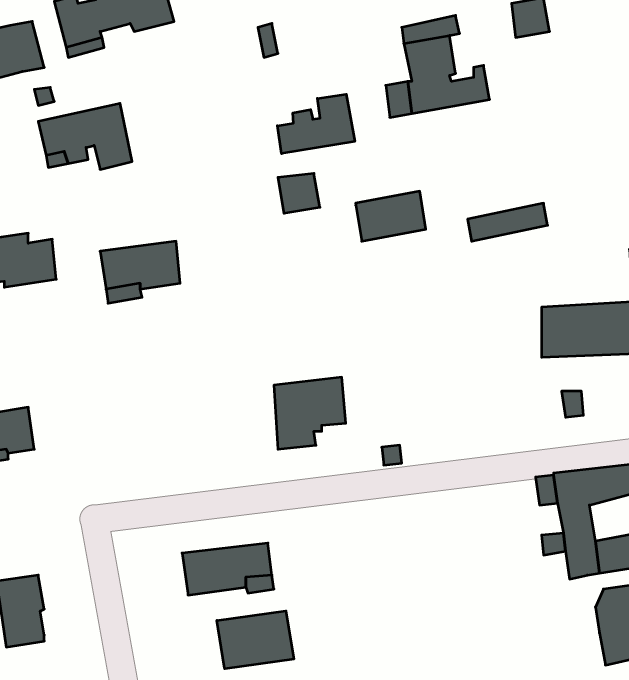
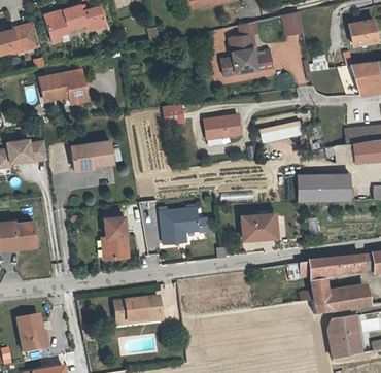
building: [277,94,355,154] -> none
building: none -> [244,218,276,241]
building: none -> [104,219,129,262]
building: [217,611,294,669] -> none

